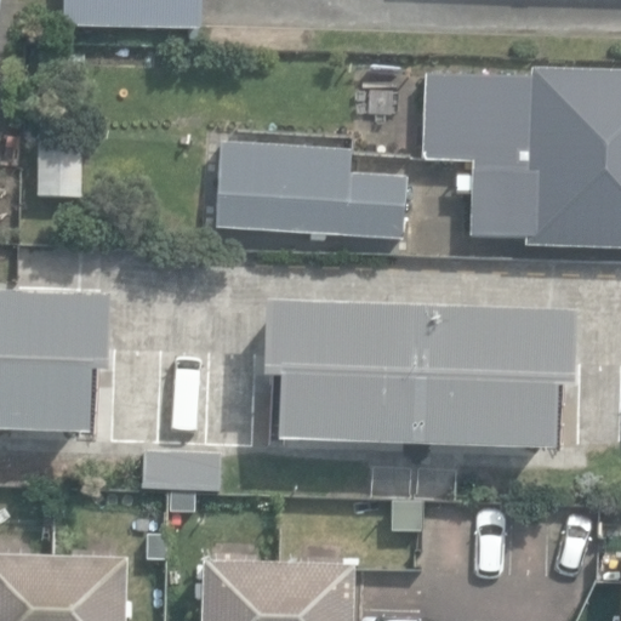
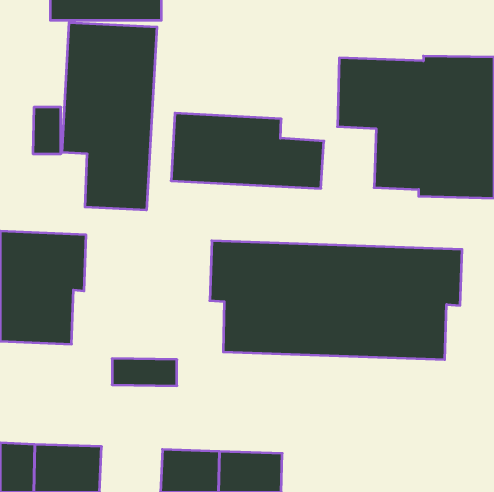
building: none -> [62,22,157,210]

